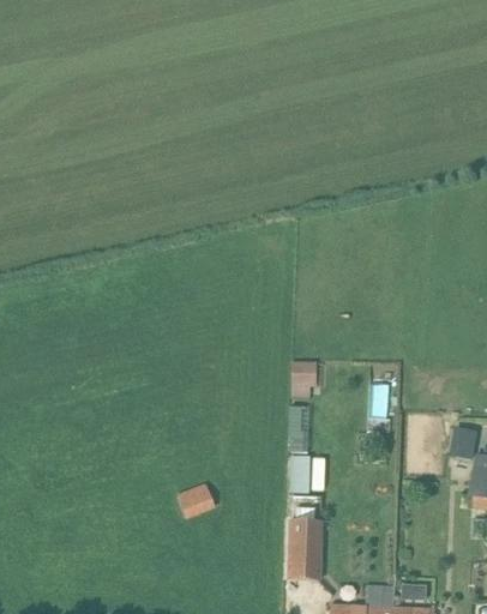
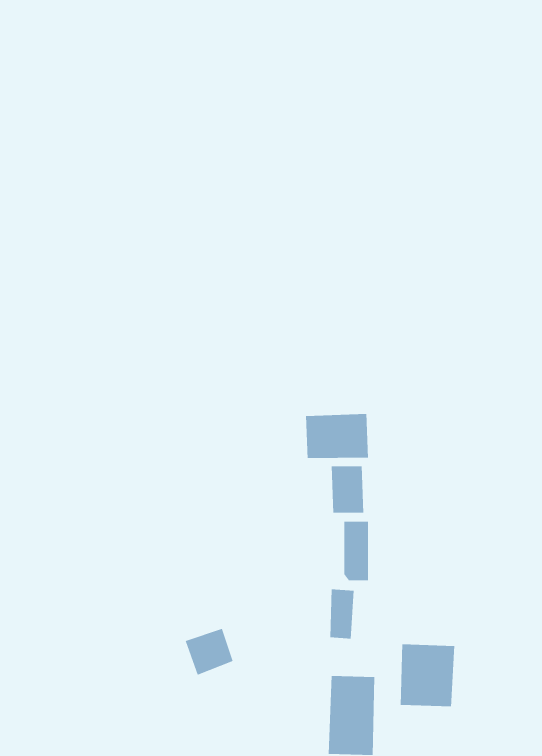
building: none -> [306,413,368,459]
building: none -> [400,644,455,707]

